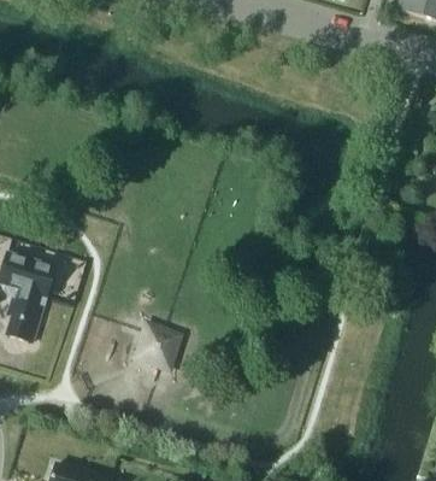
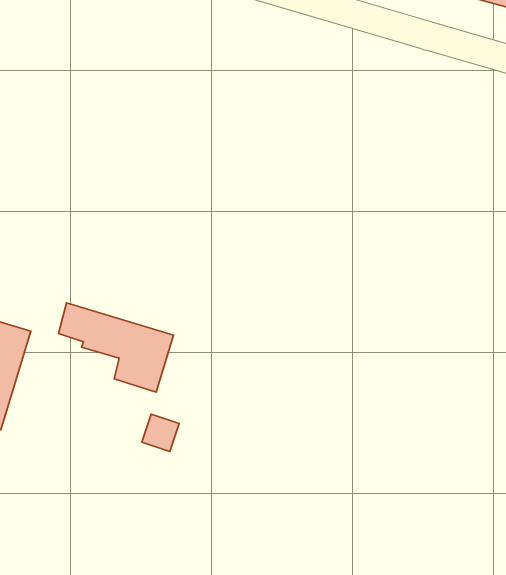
building: none -> [58,303,174,392]

